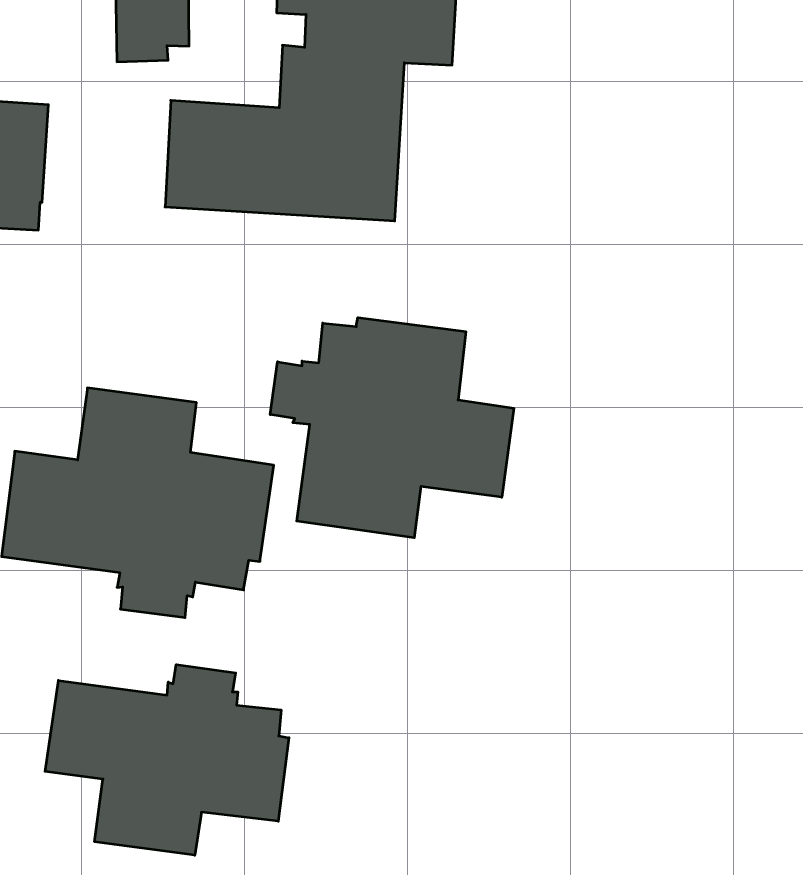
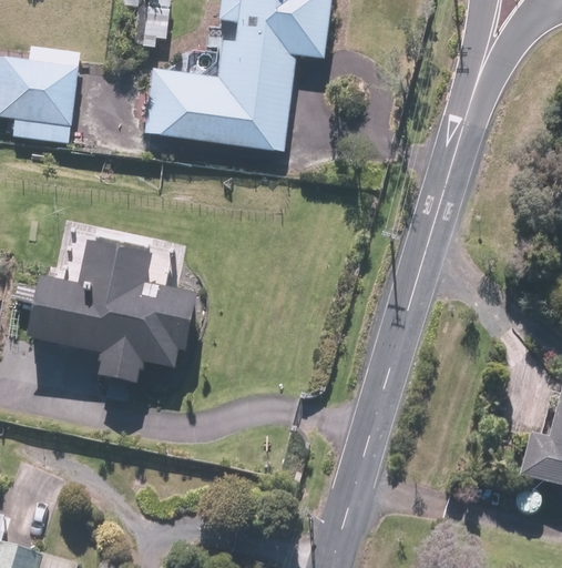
building: [270,318,514,538] -> none
building: [45,665,289,855] -> none

